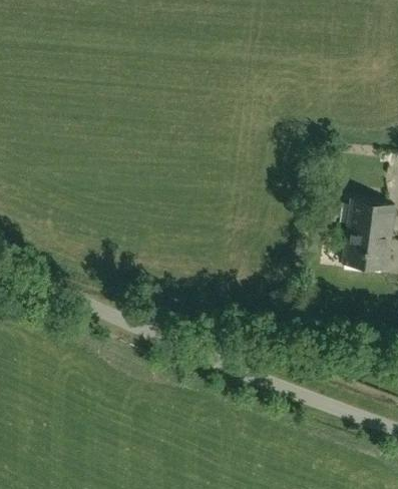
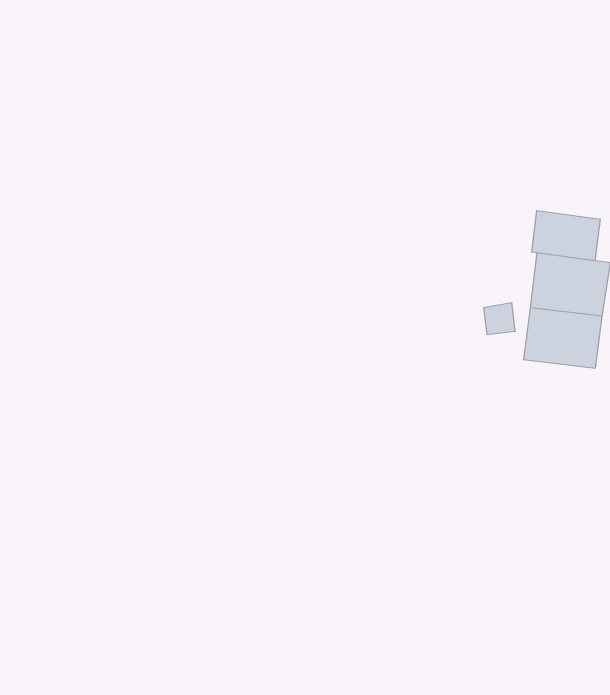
building: none -> [532,211,600,261]

